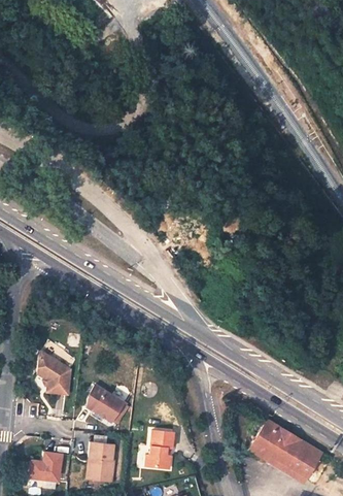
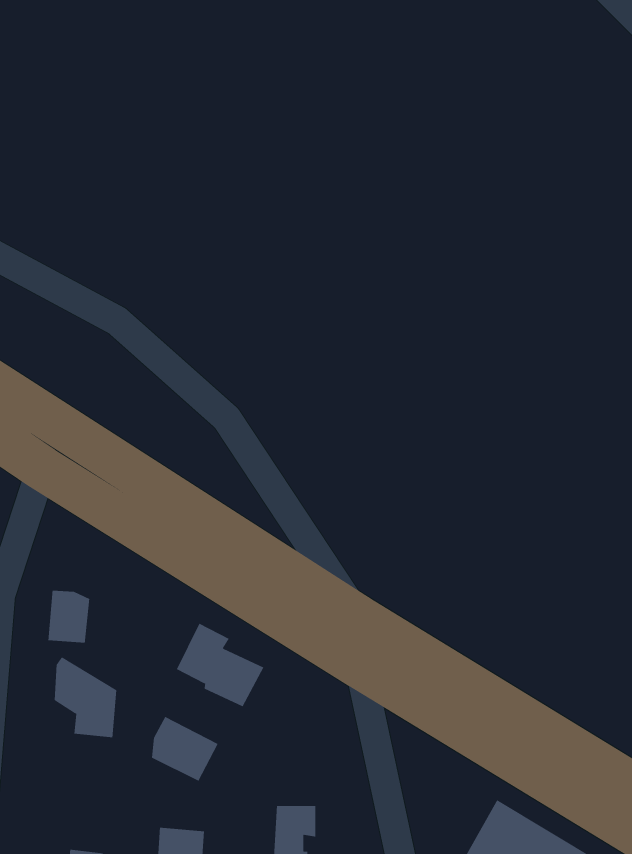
building: none -> [48,590,90,644]
building: none -> [176,623,264,707]

